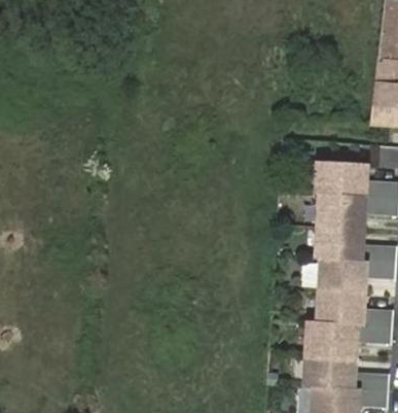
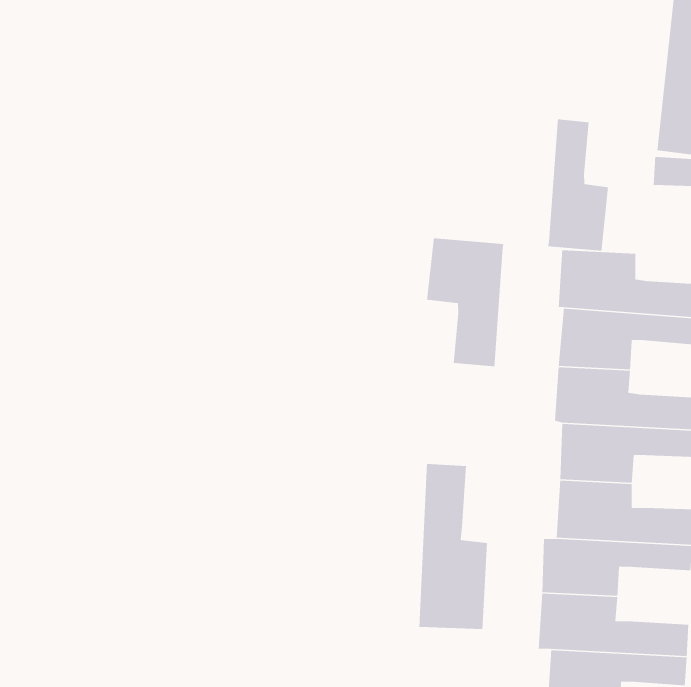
building: none -> [547,119,609,251]
building: none -> [426,238,504,367]
building: none -> [418,463,488,630]

